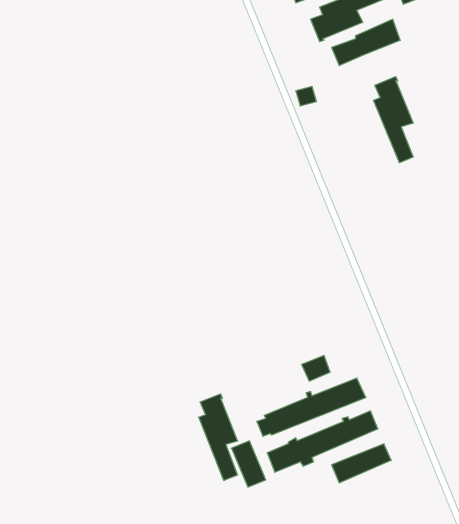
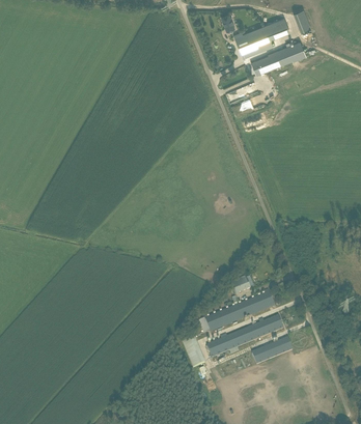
building: [373,77,413,163] -> none
building: [199,394,237,481] -> none

